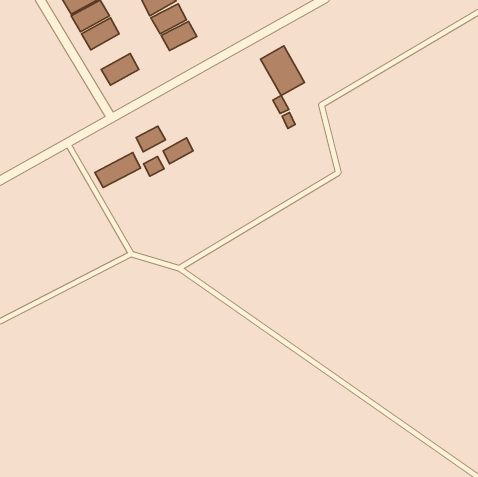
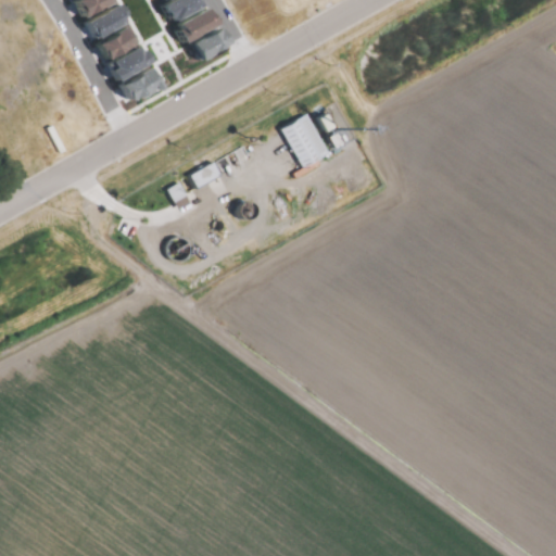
building: none -> [106,41,150,79]
building: [261,46,305,96] -> [280,113,331,170]
building: [136,126,165,152] -> none
building: [95,152,140,187] -> none

